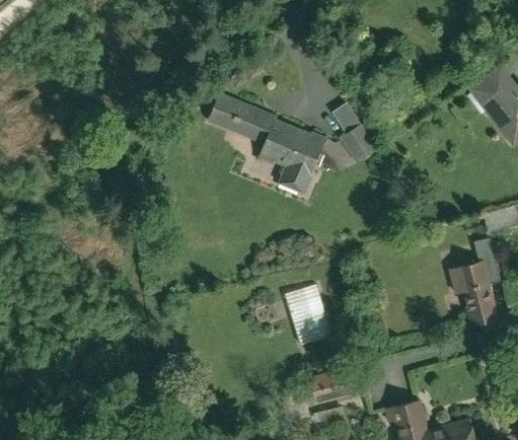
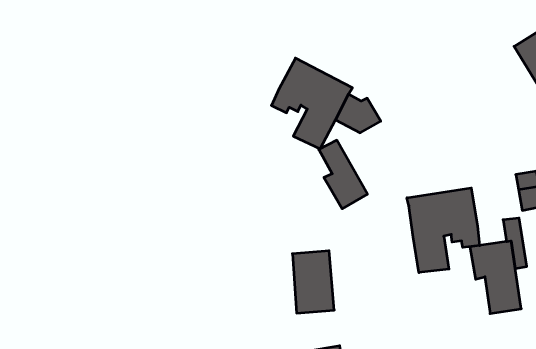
building: [206,93,274,144] -> none
building: [329,102,377,163] -> [319,140,367,209]
building: none -> [407,188,480,273]

